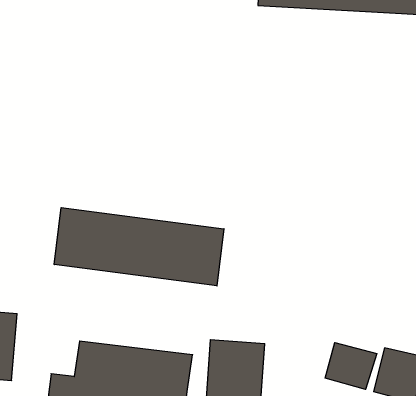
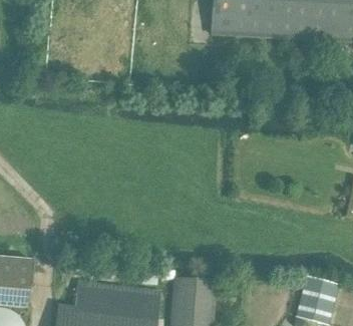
building: [54,208,224,286] -> none
building: [325,343,377,389] -> none

